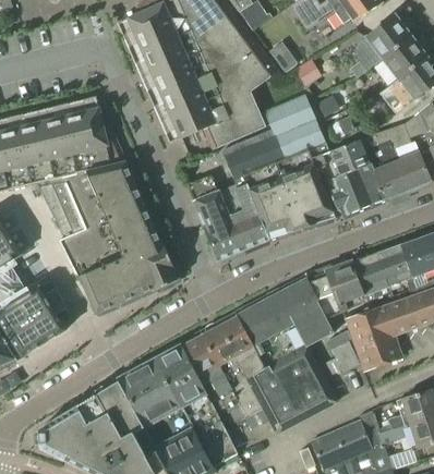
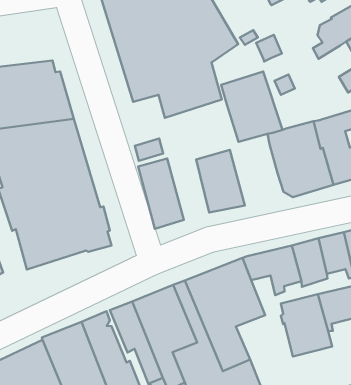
building: [220,131,288,247] -> none
building: [280,161,335,227] -> none
building: [325,328,359,373] -> none

